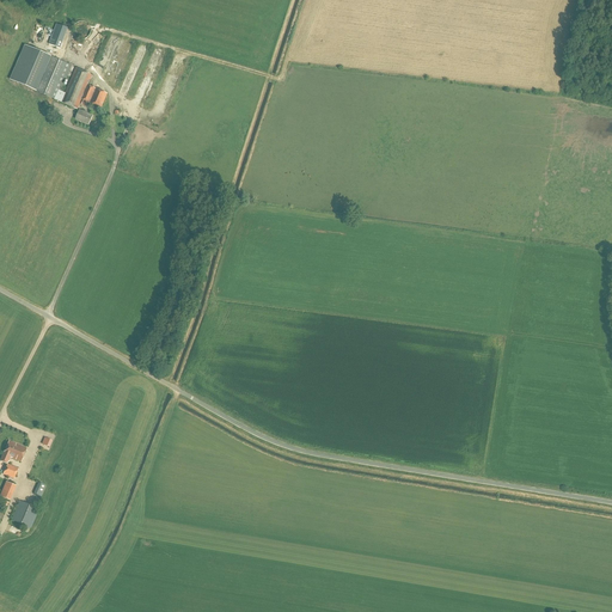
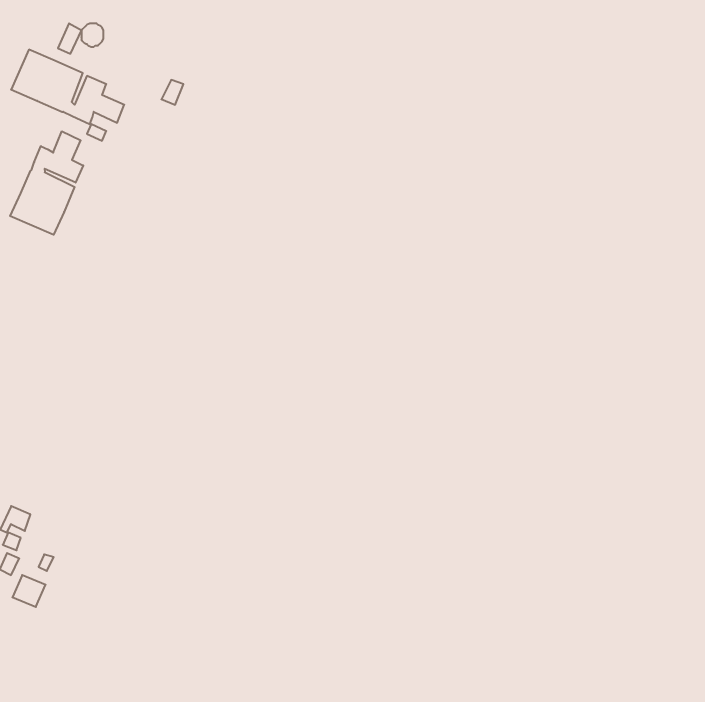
building: none -> [10,131,83,235]

